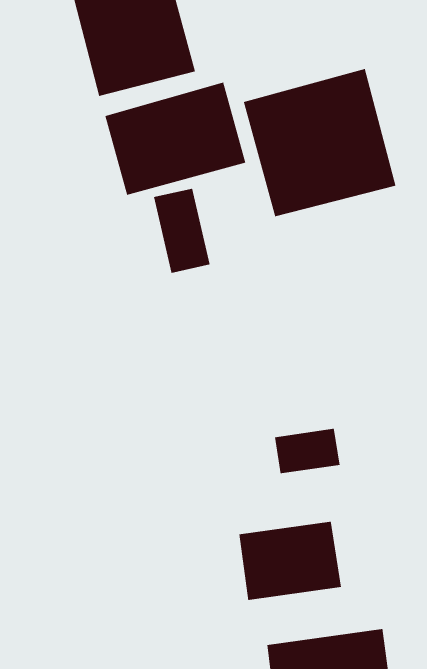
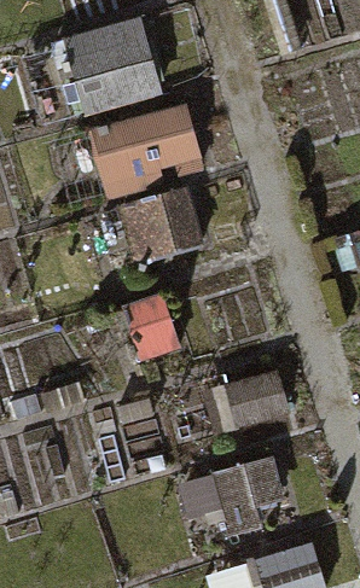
building: [243,68,396,217] -> none

